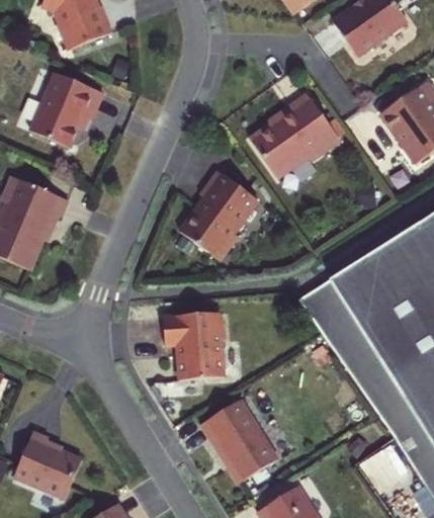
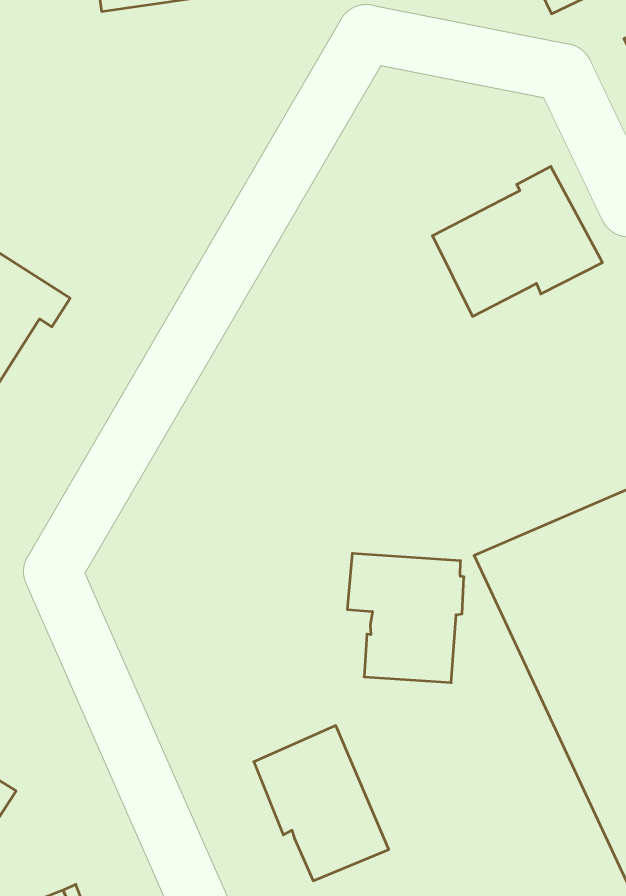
building: [29,72,102,147] -> none
building: [178,171,259,262] -> none
building: [163,309,225,376] -> [347,553,464,683]

